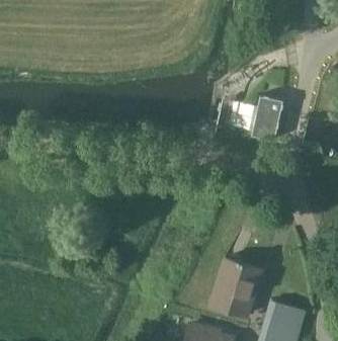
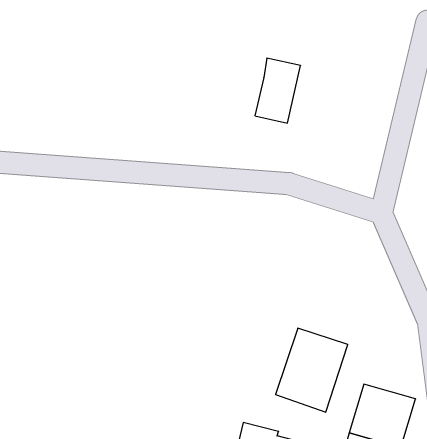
building: [253,96,284,141] -> [255,58,301,123]

